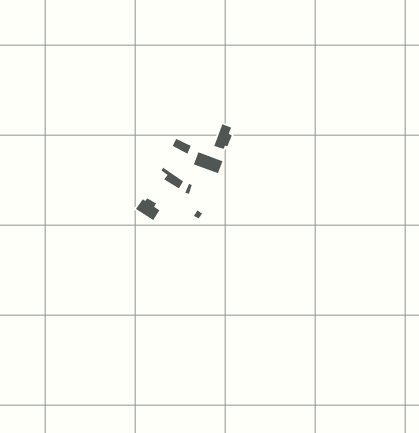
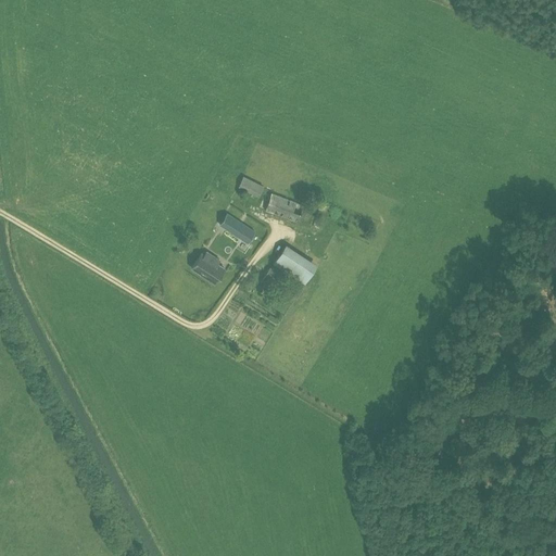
building: [213,123,233,150] -> none
building: none -> [274,245,316,286]

